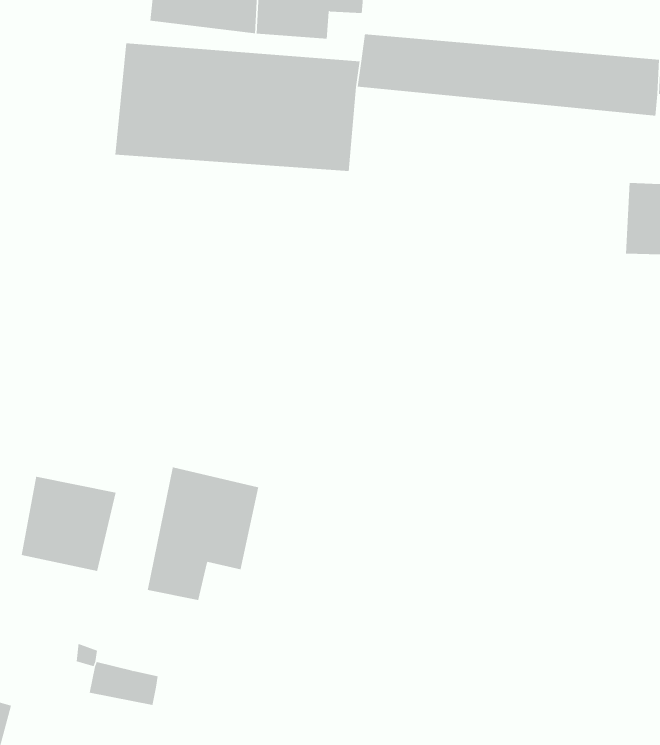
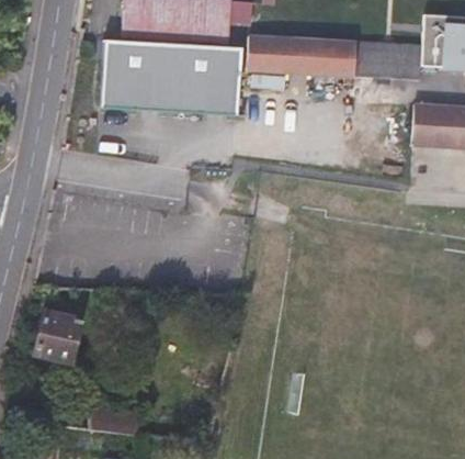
building: [147,466,259,601] -> none

